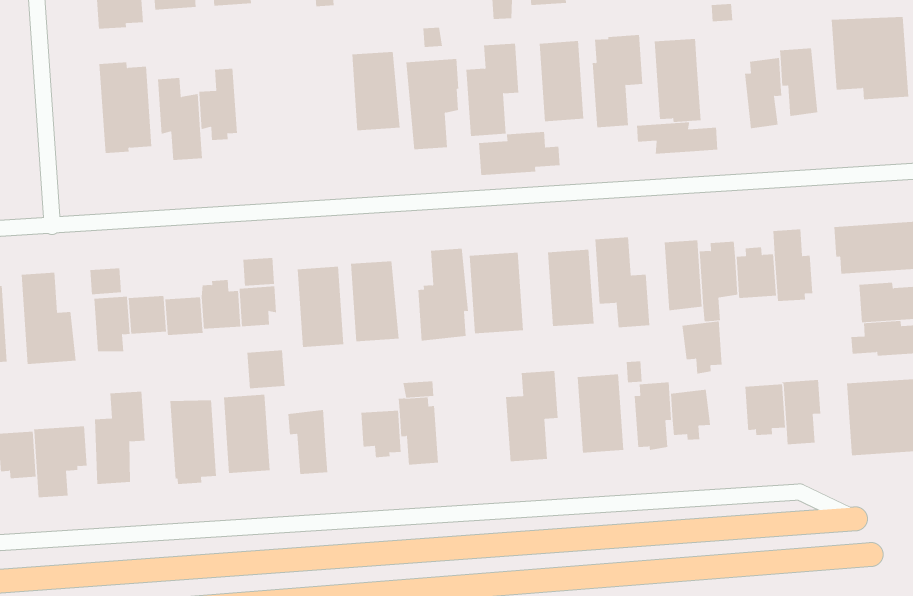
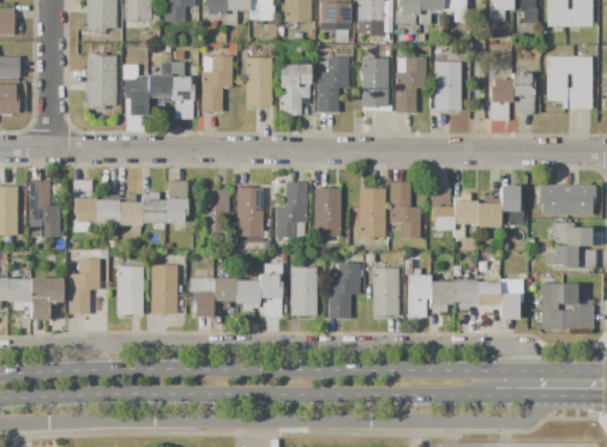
building: none -> [200,55,233,110]
building: none -> [170,60,193,119]
building: [636,121,718,155] -> none
building: [478,131,560,176] -> none
building: [682,321,723,374] -> [452,278,476,310]
building: [247,350,285,389] -> [212,277,235,300]
building: none -> [289,267,315,315]

